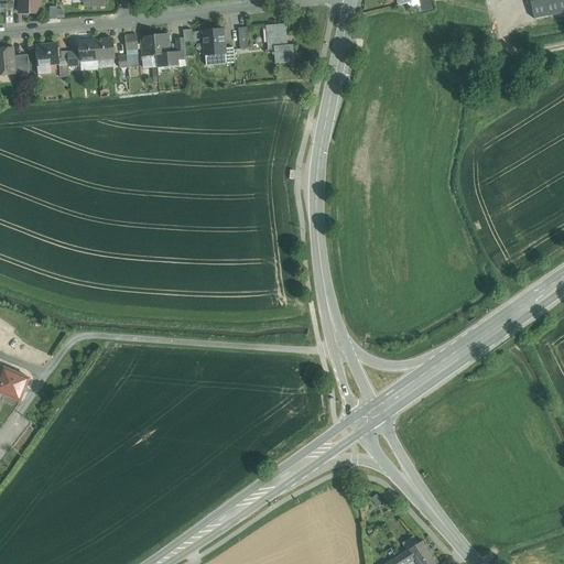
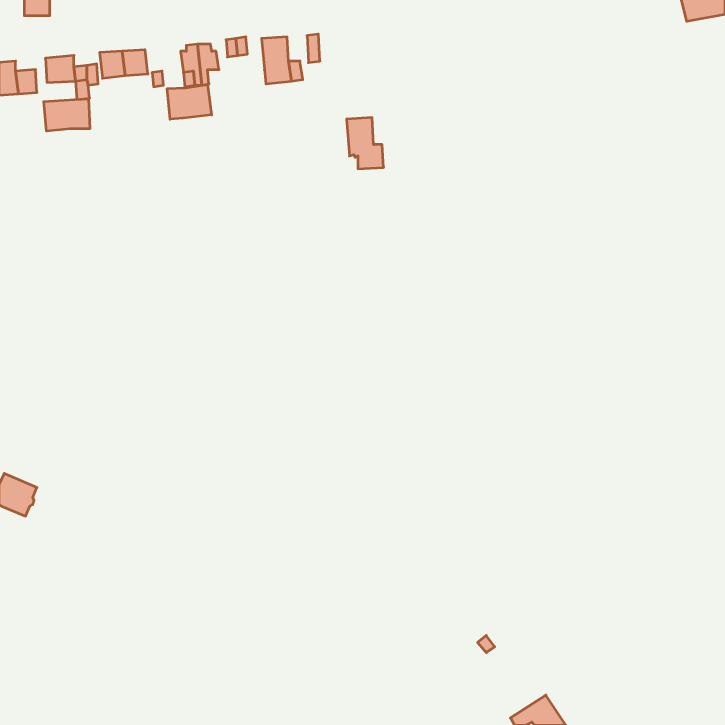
building: [265,23,294,63] -> [347,118,384,169]
building: none -> [167,84,212,119]
building: none -> [44,99,90,131]

